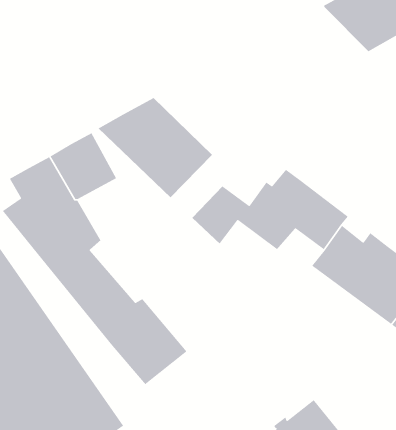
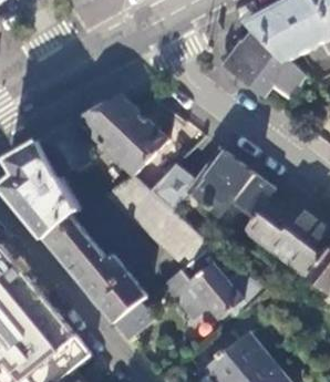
building: none -> [223,25,306,97]
building: none -> [105,176,210,268]
building: none -> [161,262,265,320]

